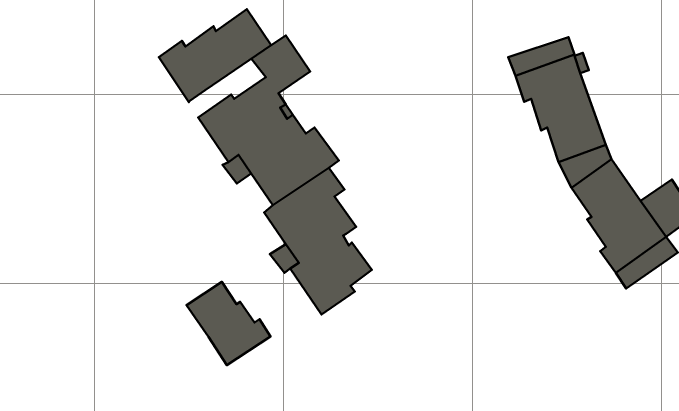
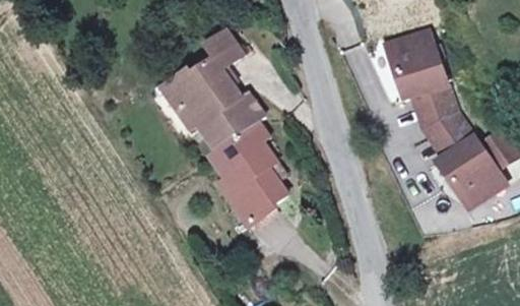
building: [159,9,271,102] -> none
building: [187,282,271,365] -> none

